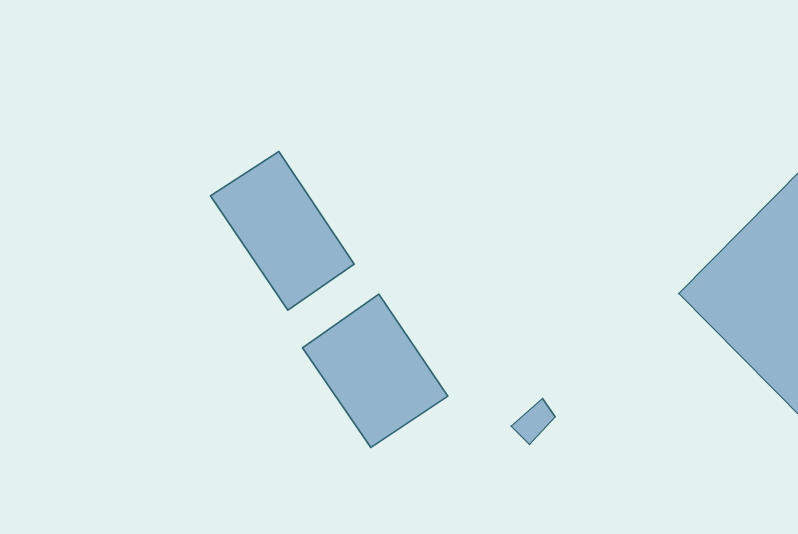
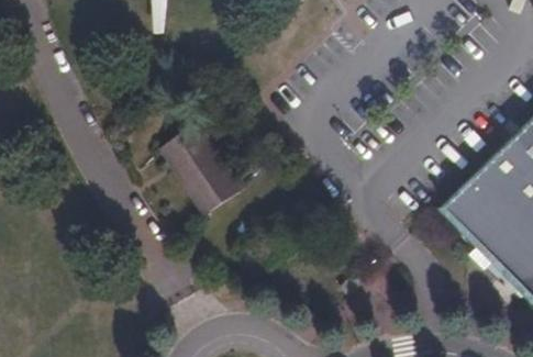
building: [303,294,448,447] -> none

